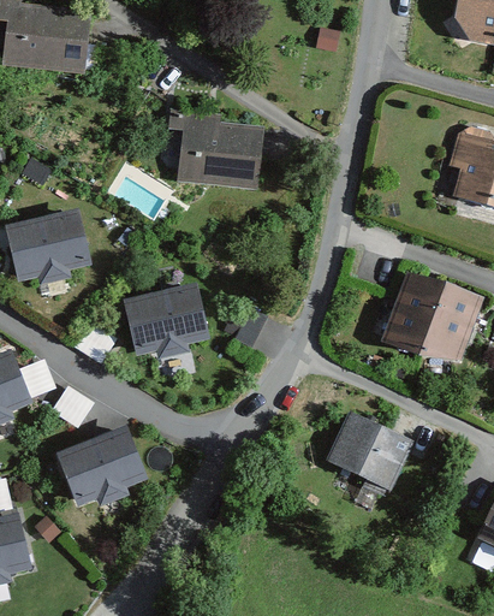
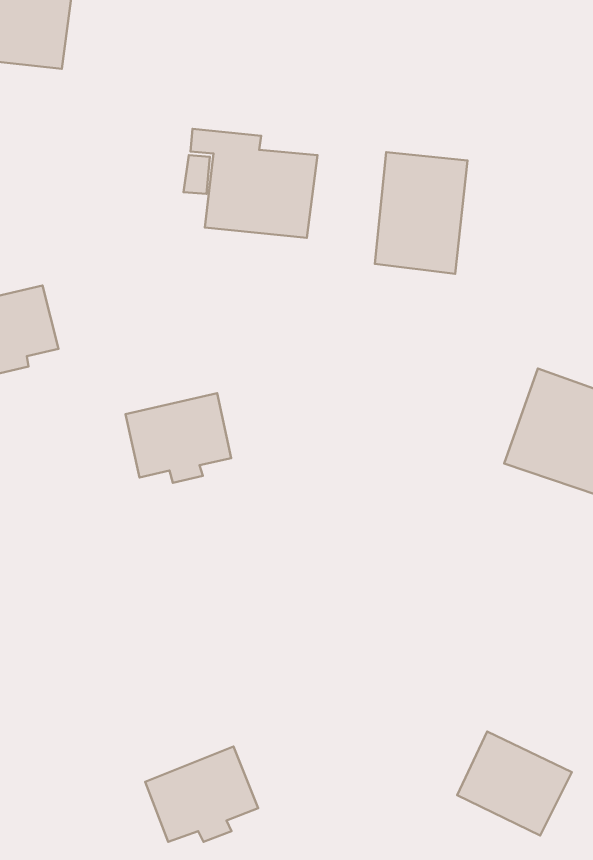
building: none -> [375,152,467,274]
building: [329,415,407,486] -> [457,732,572,836]
building: [63,434,139,499] -> [145,747,258,842]

